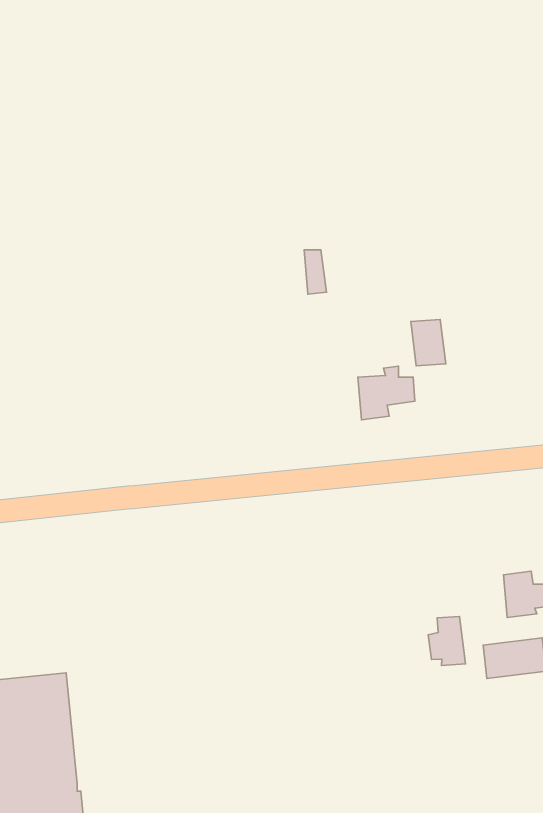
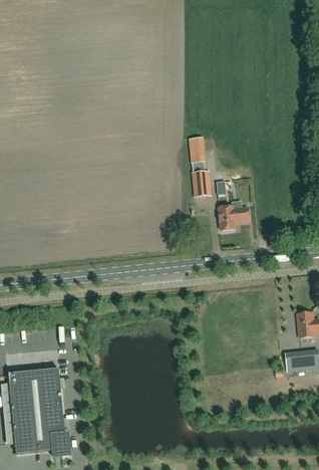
building: [411,320,446,366] -> [192,171,211,196]
building: [428,616,465,666] -> none

